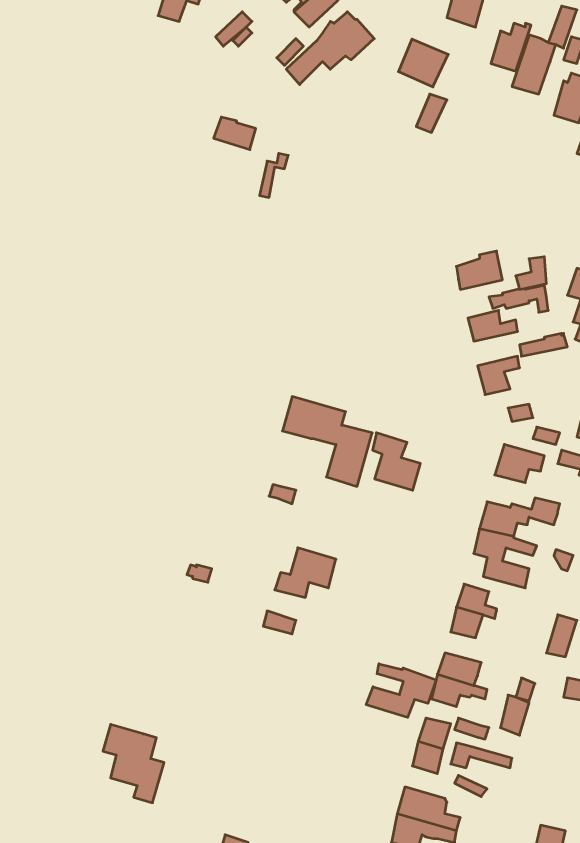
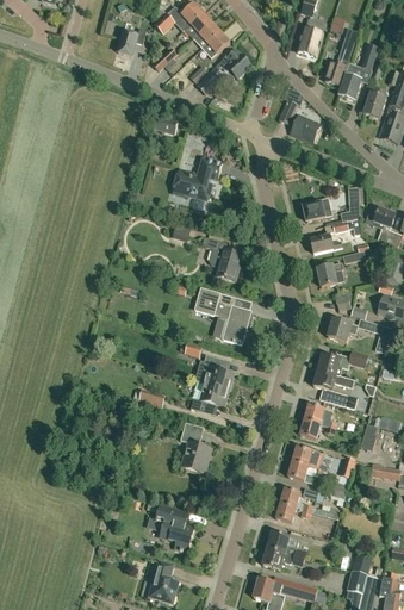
building: [398,39,448,87] -> [290,113,321,143]
building: none -> [173,156,222,208]
building: none -> [205,237,241,280]
building: [373,433,420,490] -> [203,353,232,388]
building: none -> [180,441,211,473]
building: [366,664,436,717] -> none
building: [103,724,164,803] -> [155,503,193,552]

